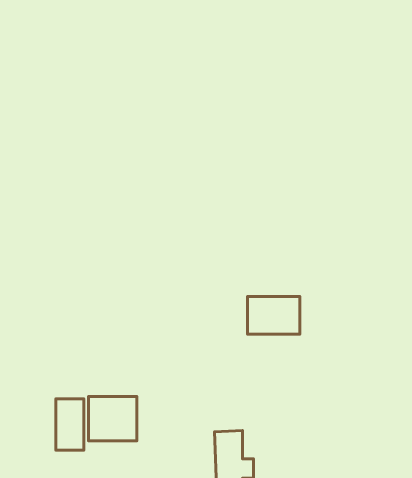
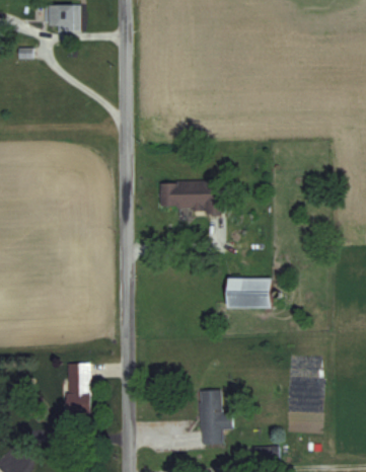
building: none -> [159,181,224,212]
building: [89,397,137,441] -> none

